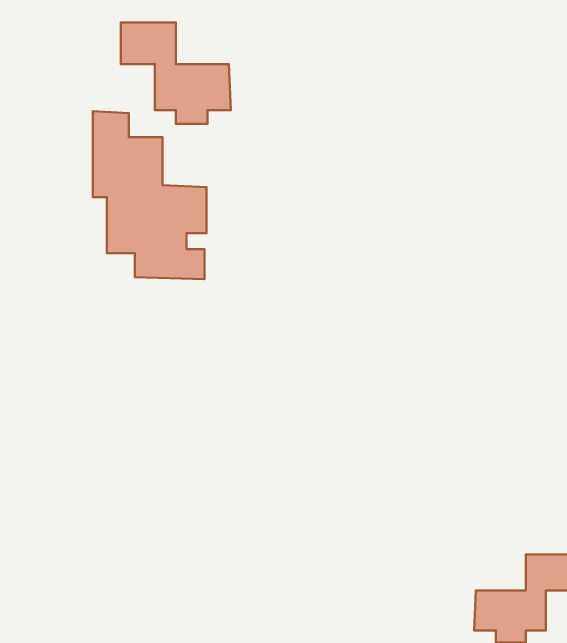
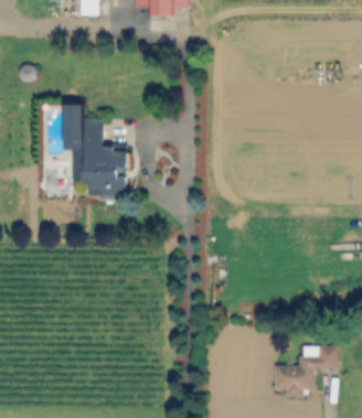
building: [121,23,231,124] -> none

